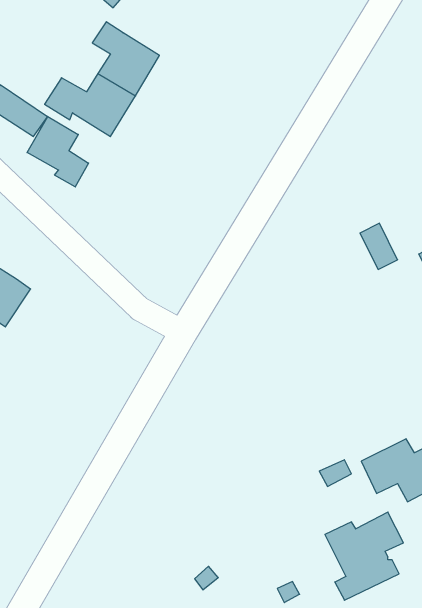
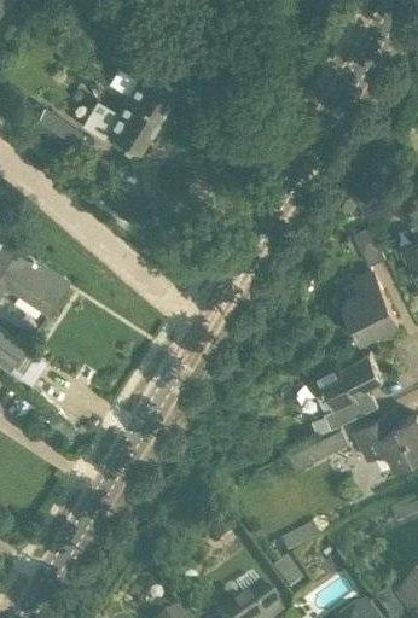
building: [27,116,89,187] -> none
building: none -> [342,270,397,342]
building: [325,512,403,600] -> [314,355,382,431]

